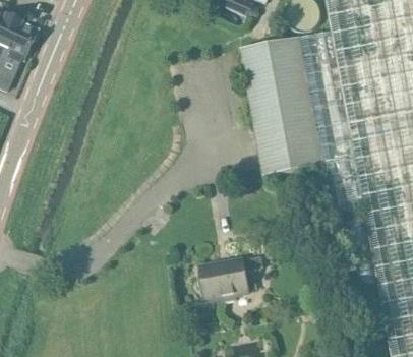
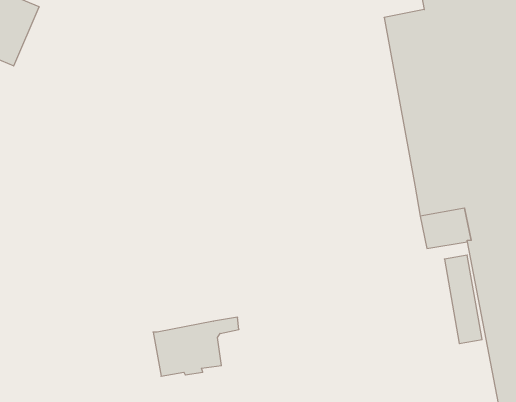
building: [240,36,324,174] -> none
building: [198,254,263,299] -> [153,317,239,376]

